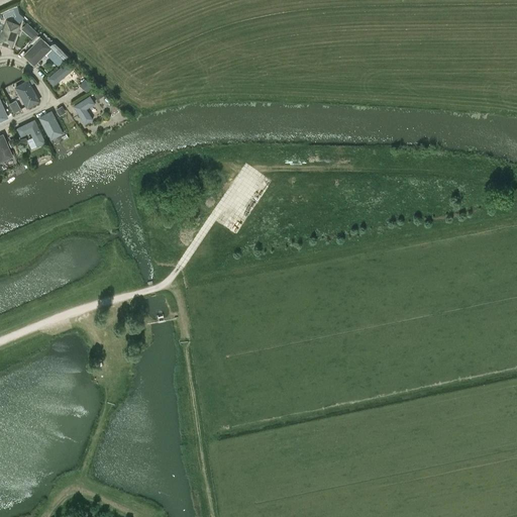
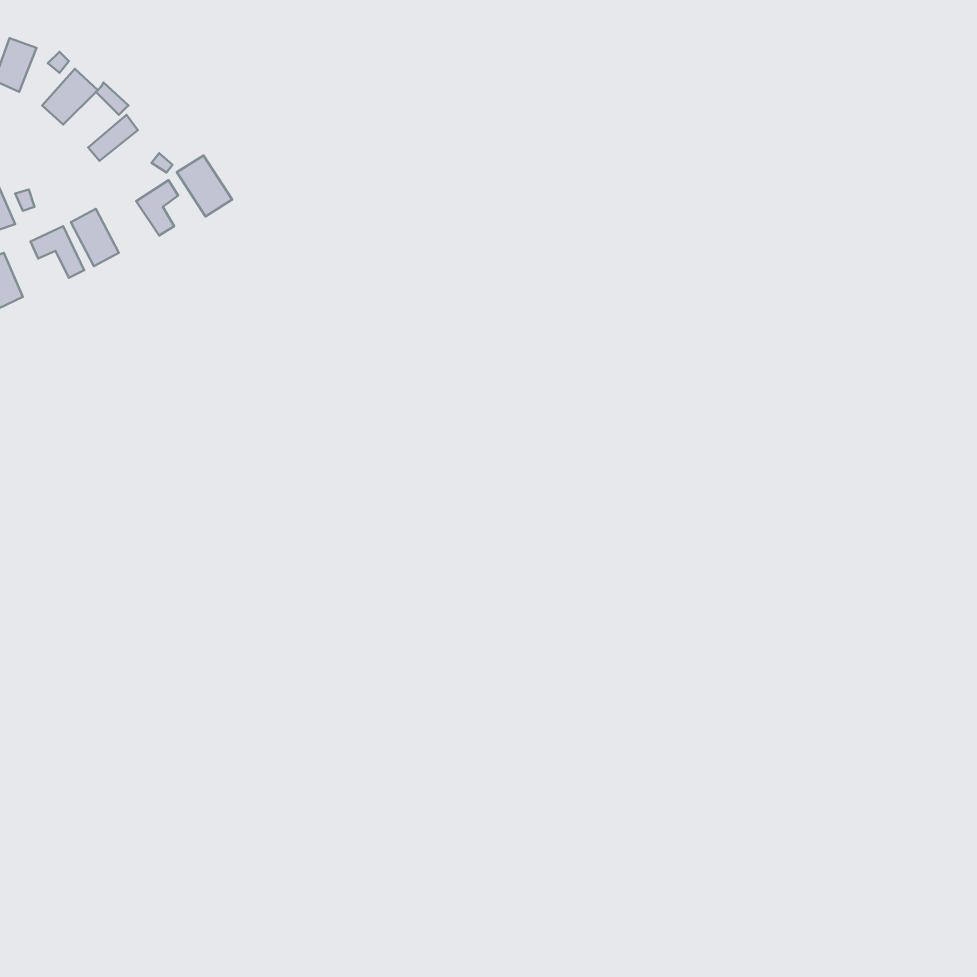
building: [14,81,39,109] -> none
building: none -> [177,155,232,216]

